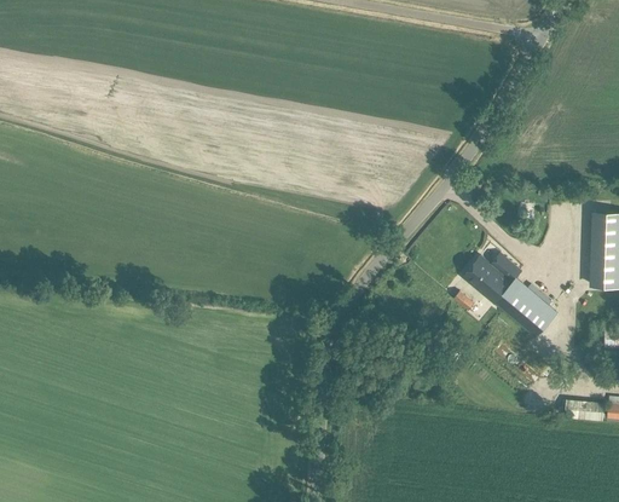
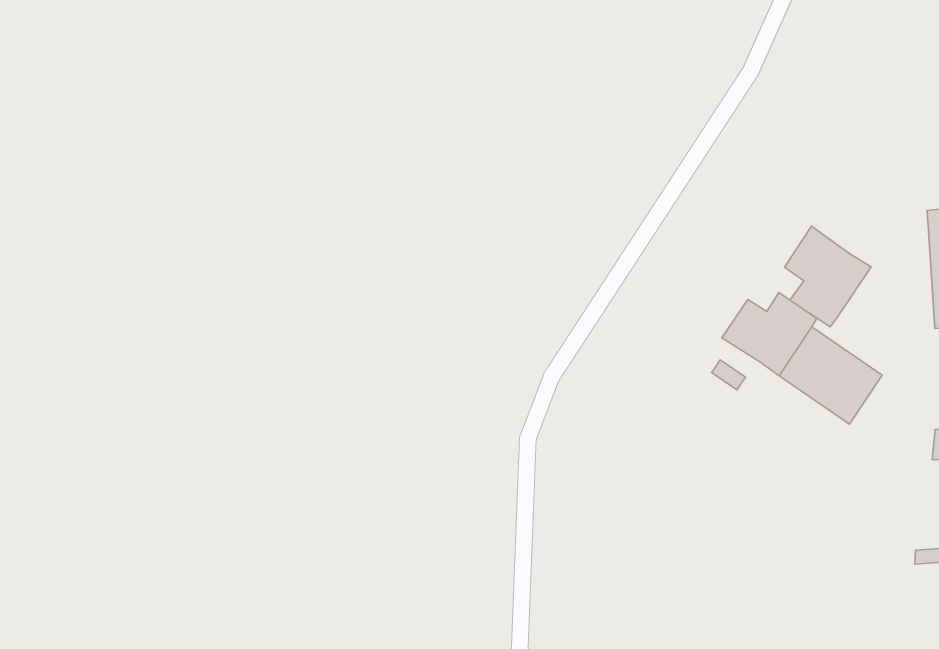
building: none -> [784,226,871,327]

